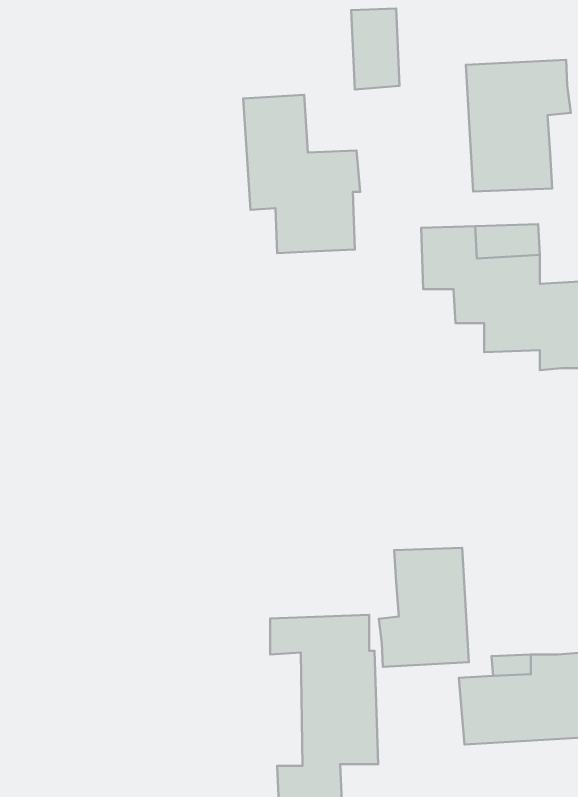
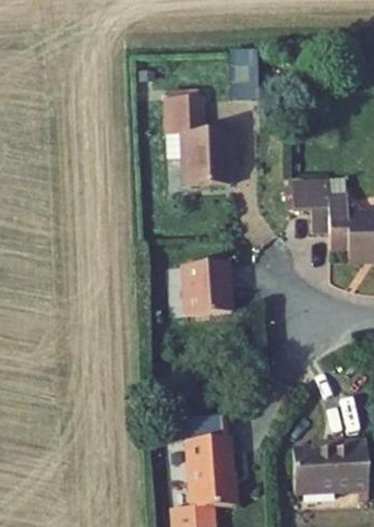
building: [466,60,571,191] -> none
building: none -> [178,263,231,321]
building: [379,548,469,667] -> none

